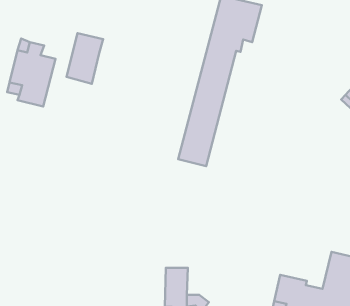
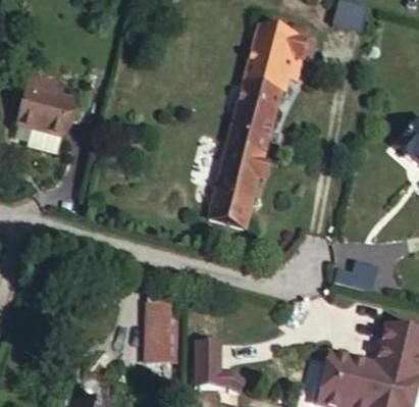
building: [66,33,103,84] -> none
building: none -> [149,304,173,363]

